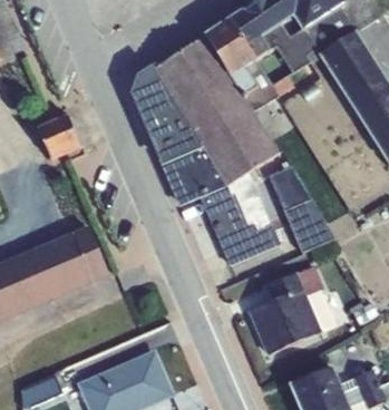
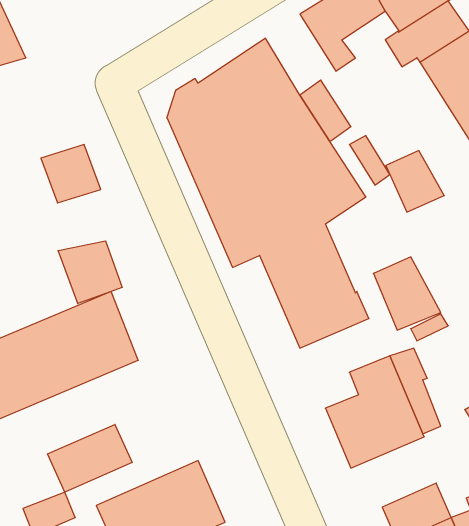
building: [261,14,319,70] -> none
building: [204,17,256,77] -> none
building: [269,164,312,209] -> [386,151,444,212]
building: none -> [58,241,122,304]
building: none -> [48,424,132,492]

